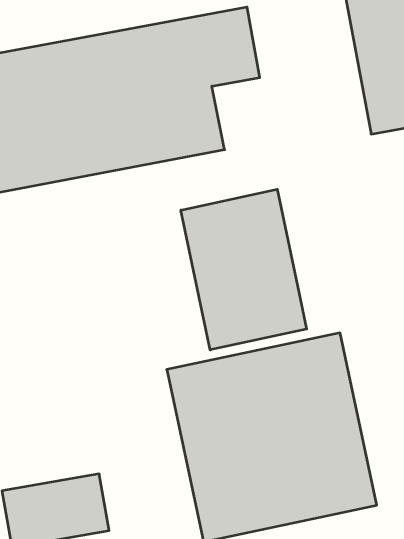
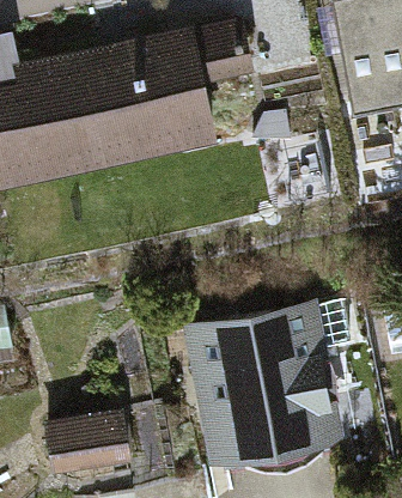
building: [181,189,307,350] -> none

